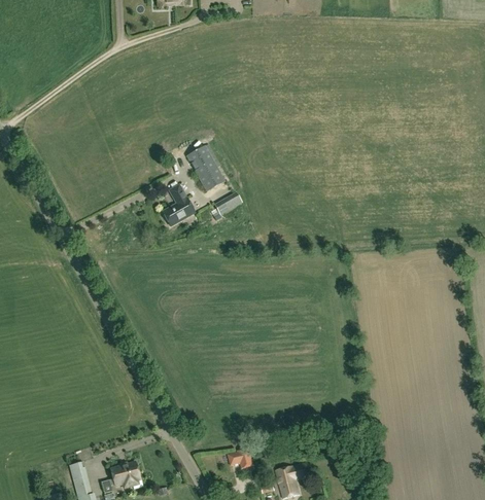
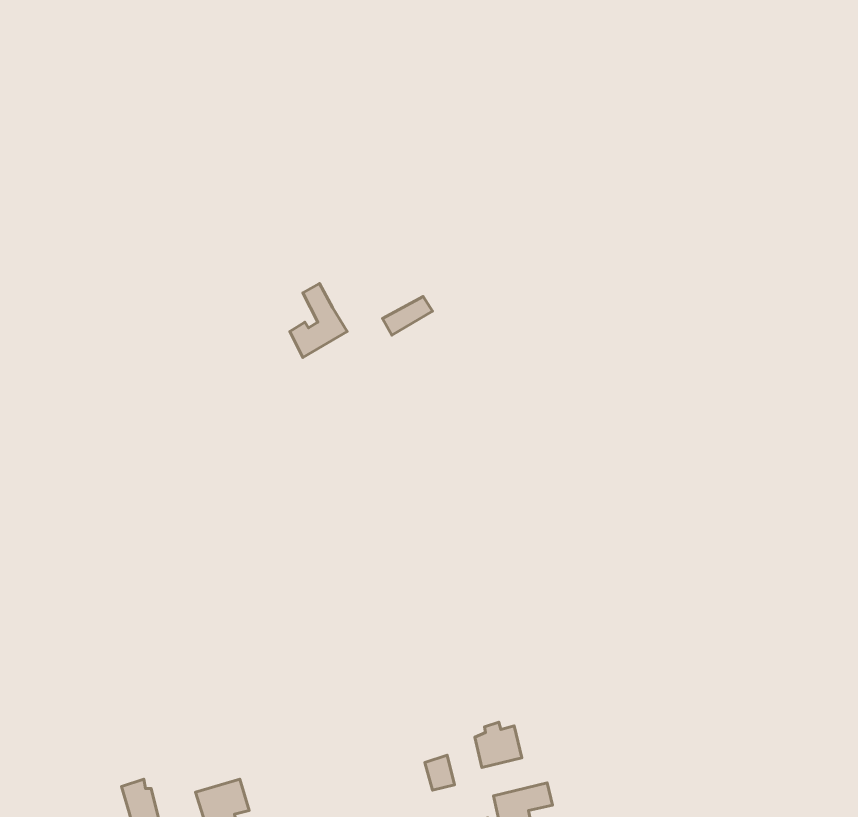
building: [186,145,224,191] -> none
building: none -> [475,722,522,767]

